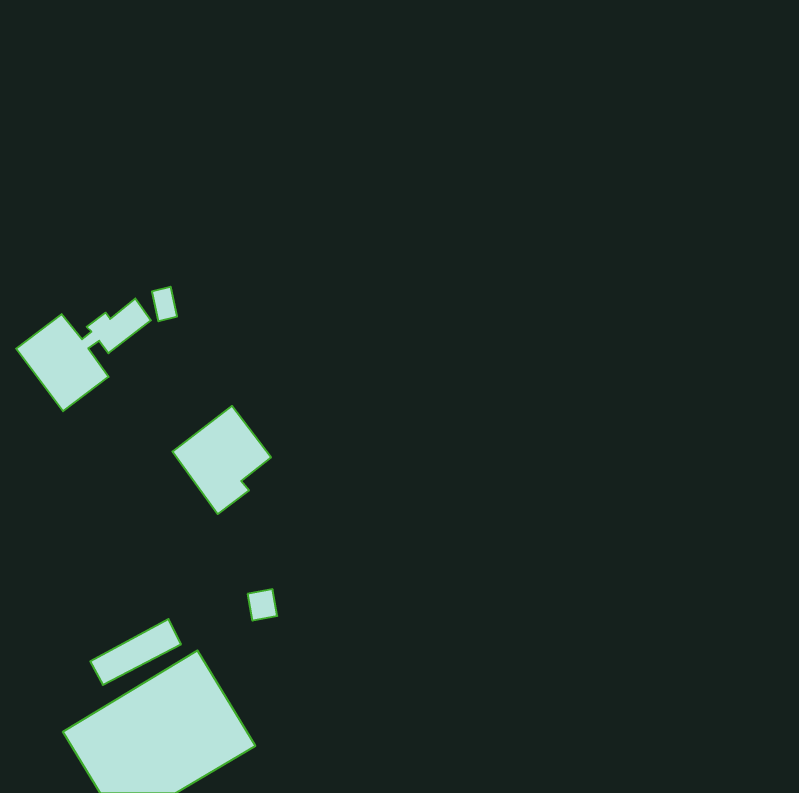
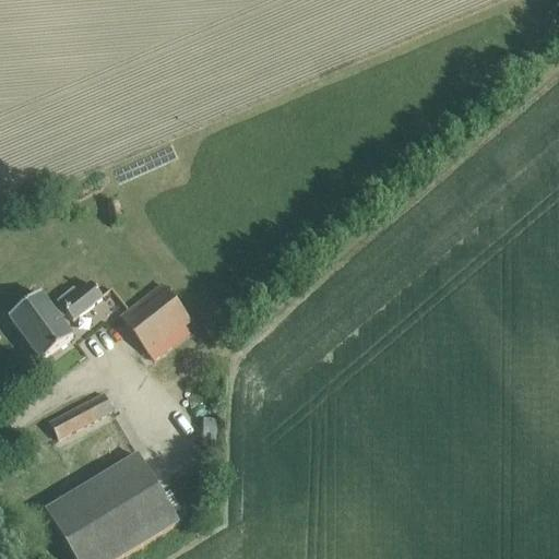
building: [16,298,151,411] -> [9,281,103,359]
building: [90,619,181,685] -> [49,392,112,438]

